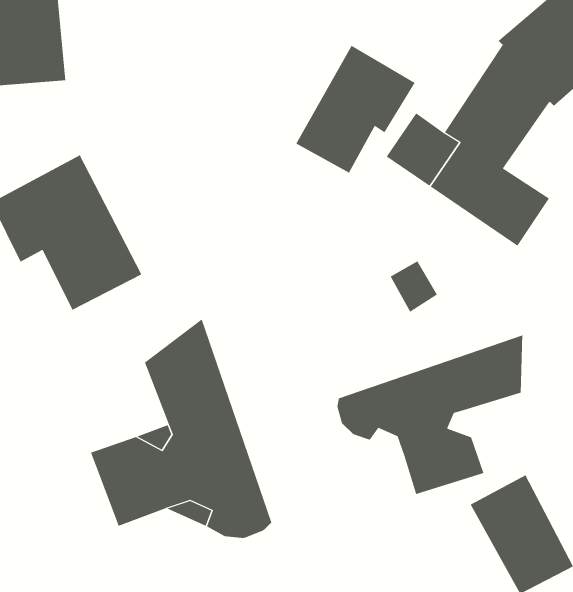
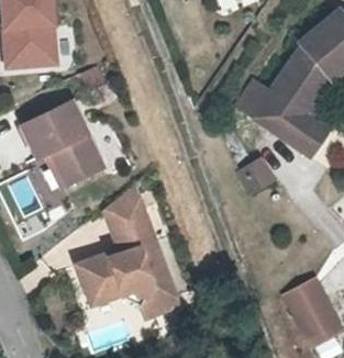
building: [295,45,416,173] -> none
building: [337,335,523,495] -> none

